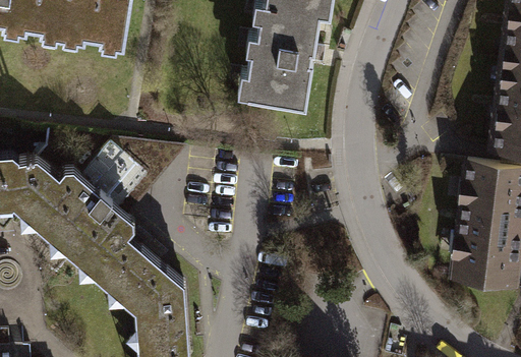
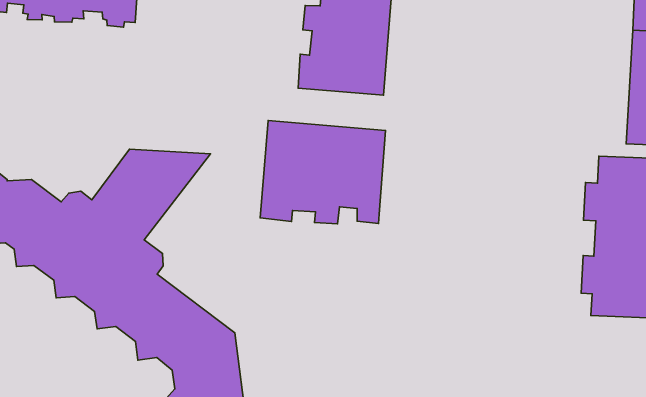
building: none -> [260,121,386,224]

